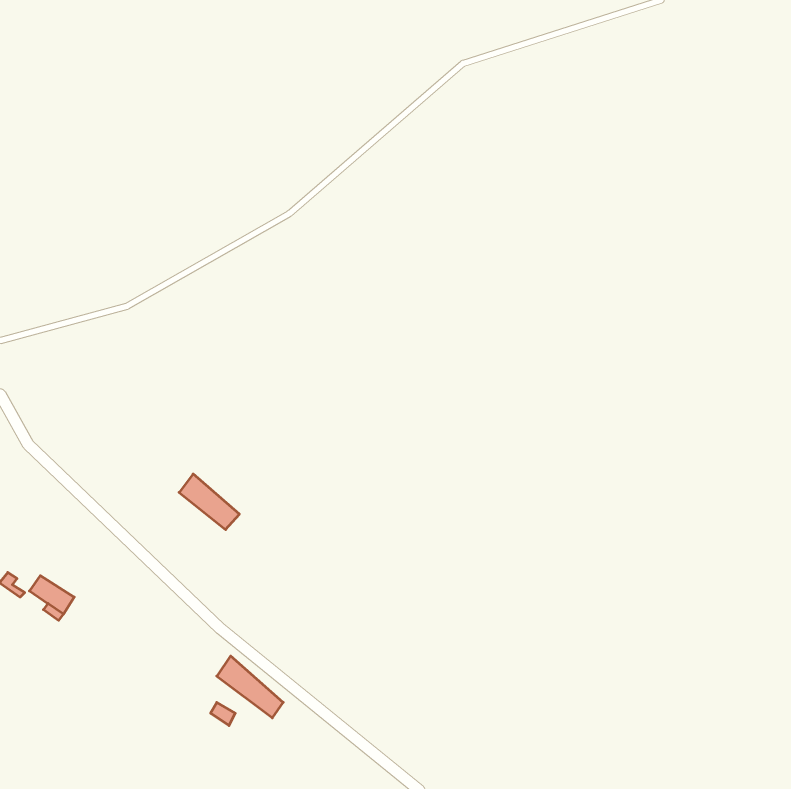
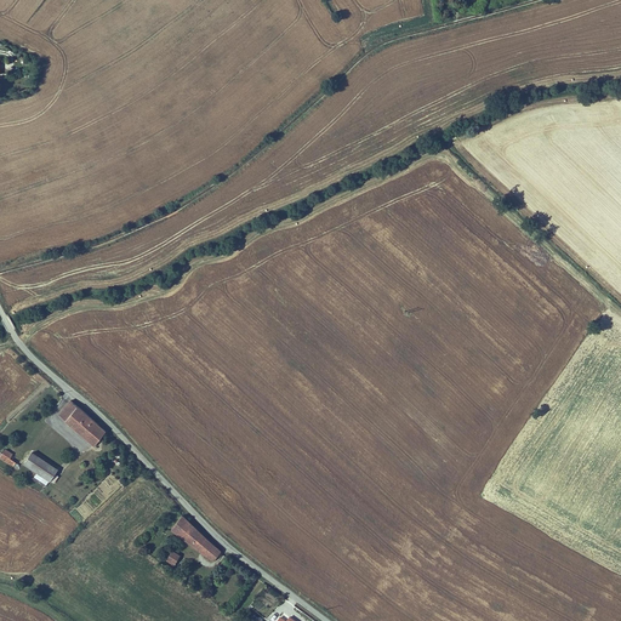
building: [179,474,239,530] -> [58,401,106,445]

